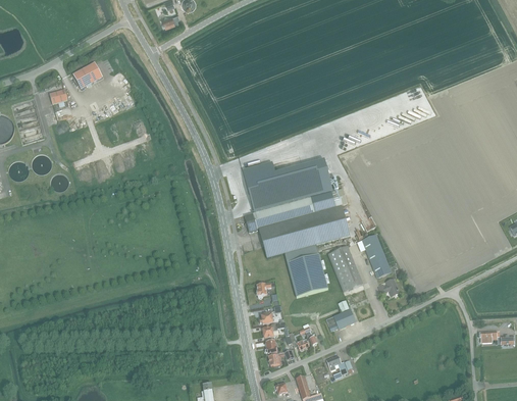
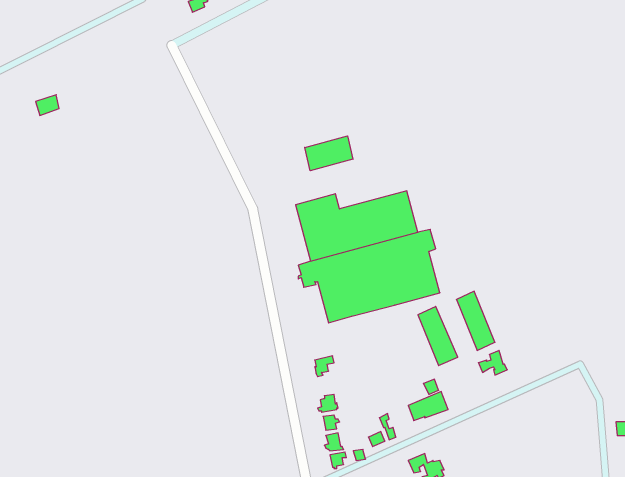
building: [73,62,103,89] -> none
building: none -> [305,136,353,171]
building: [285,245,328,297] -> none

